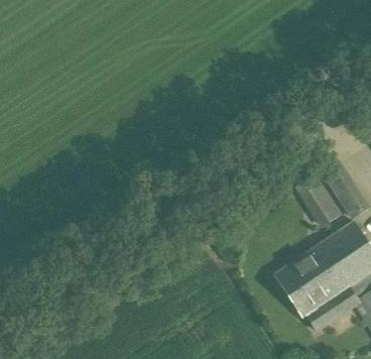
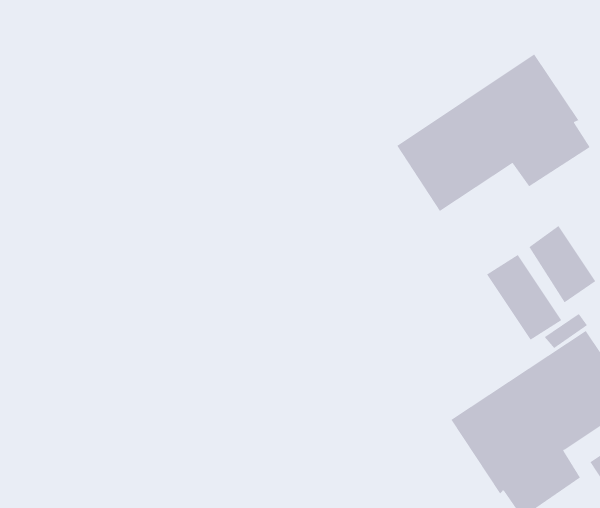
building: none -> [396,53,591,212]

